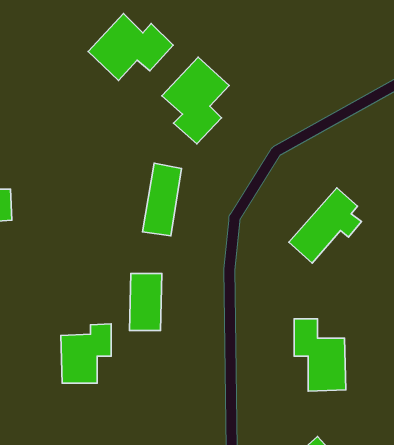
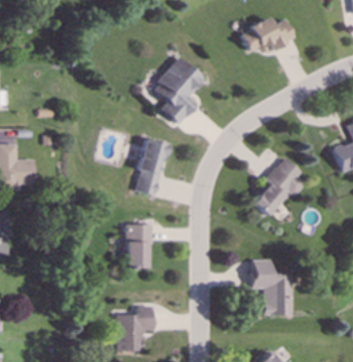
building: none -> [239,18,294,51]
building: [88,14,173,80] -> none
building: [61,324,111,383] -> [115,305,154,351]

